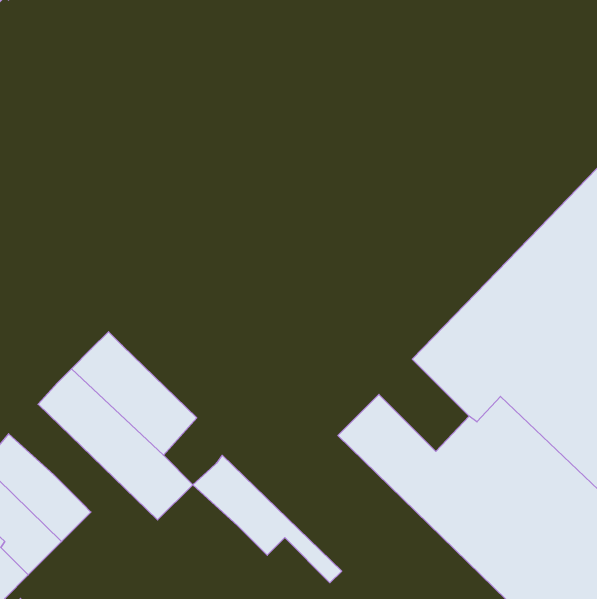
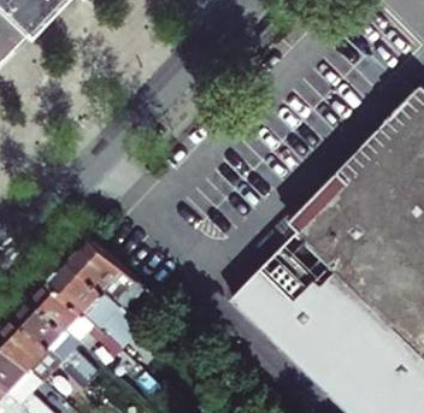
building: none -> [261,250,317,307]
building: [193,455,342,583] -> [34,278,125,356]

